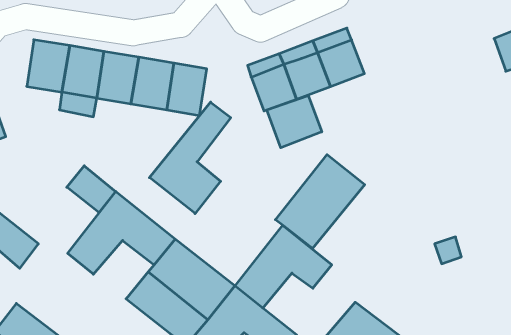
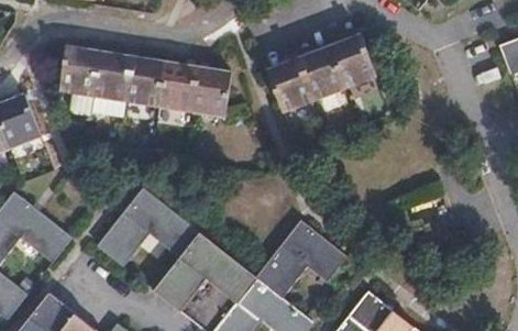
building: [267,95,322,148] -> none
building: [149,102,231,214] -> none
building: [275,155,365,249] -> none
building: [67,166,115,213] -> none

